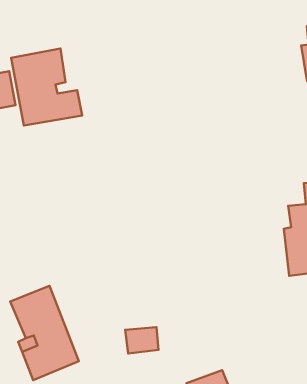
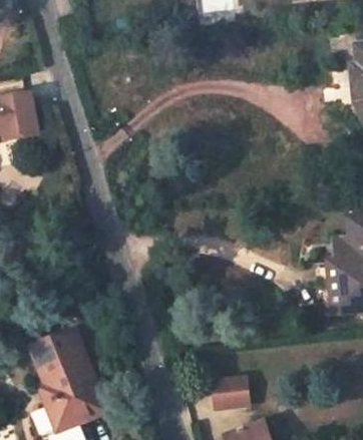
building: [11,48,82,126] -> none
building: [125,327,158,354] -> [211,378,247,407]

